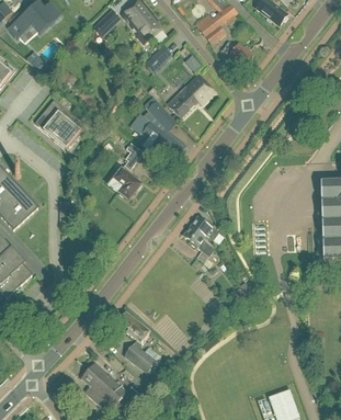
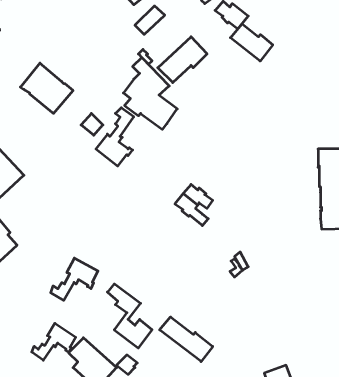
building: none -> [230,24,273,61]
building: none -> [51,258,98,300]
building: none -> [160,317,213,362]
building: none -> [32,323,76,360]

